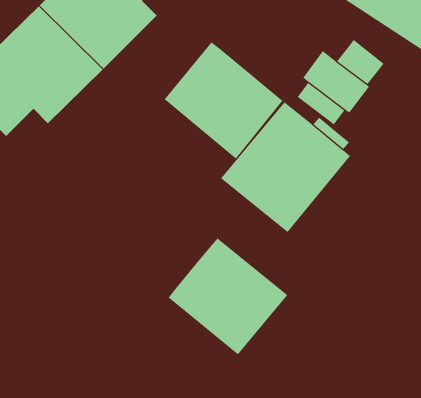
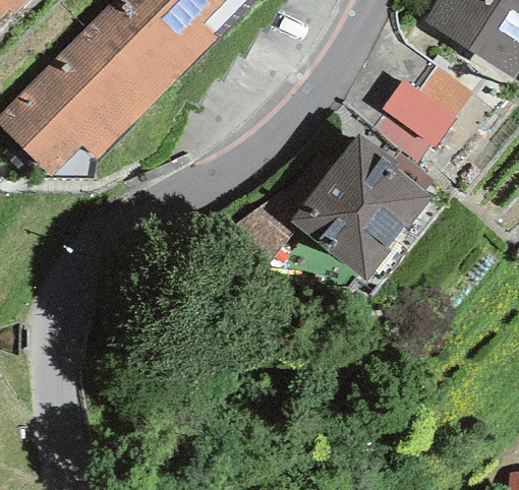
building: [164,41,283,159] -> none
building: [168,237,288,355] -> none

